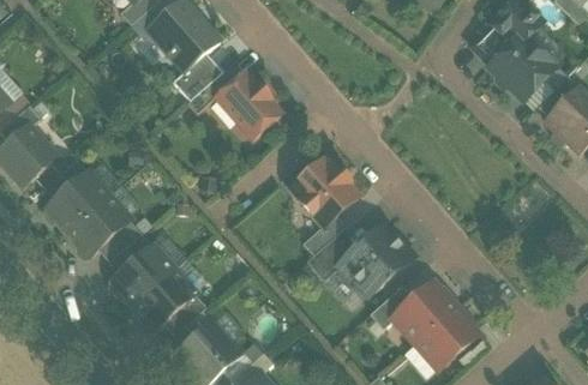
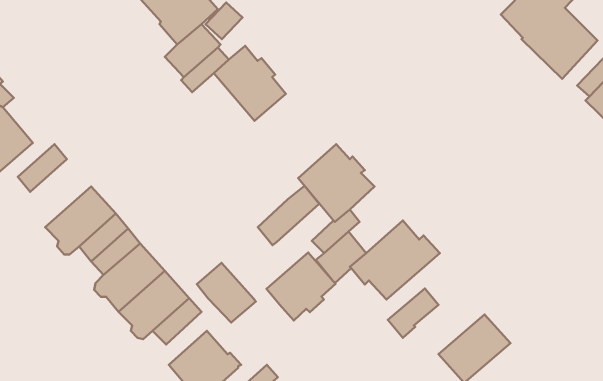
building: [46,172,108,231] -> none
building: none -> [258,186,319,245]
building: none -> [267,252,335,320]
building: none -> [197,263,256,323]
building: [392,283,455,343] -> none

